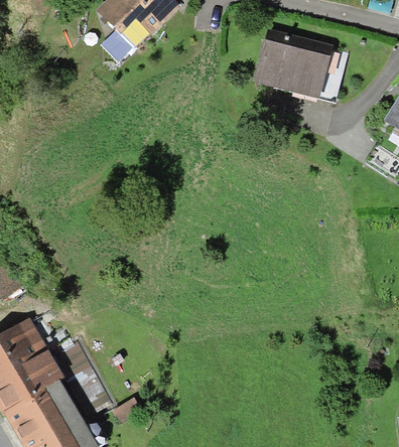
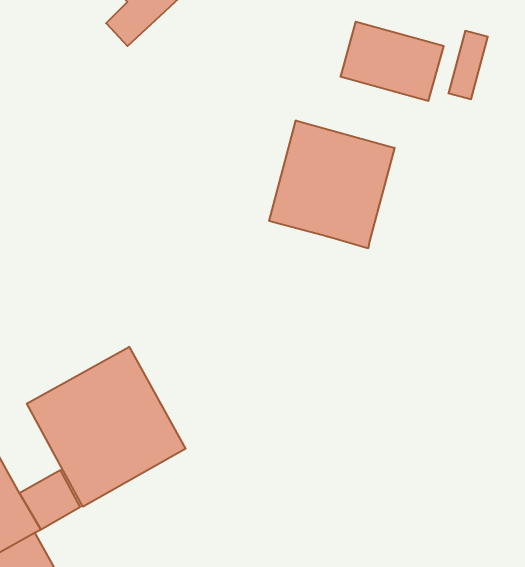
building: none -> [269,120,395,248]
building: none -> [27,347,186,507]

